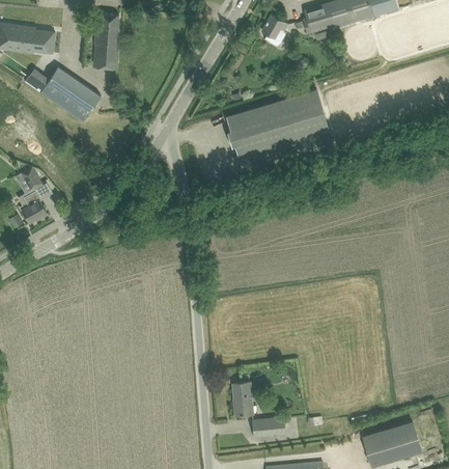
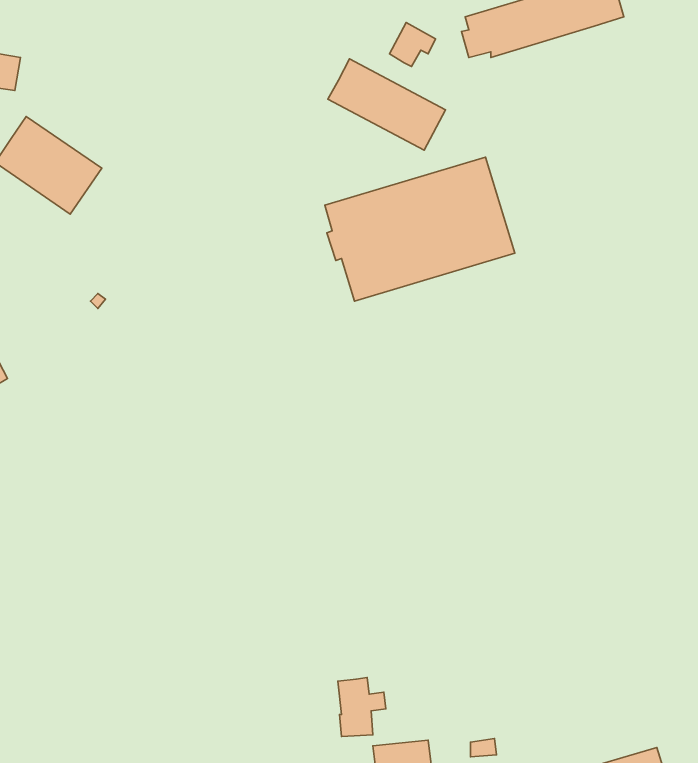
building: [91,13,118,68] -> none
building: none -> [328,59,446,150]

